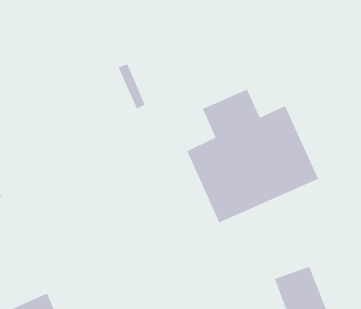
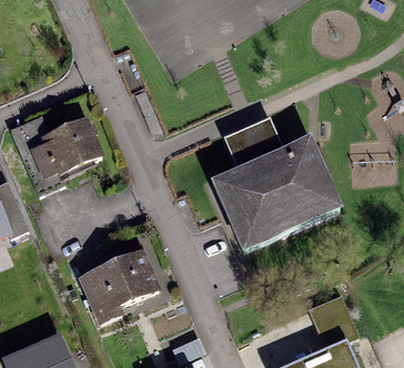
building: none -> [26,121,105,184]
building: none -> [73,249,168,328]

